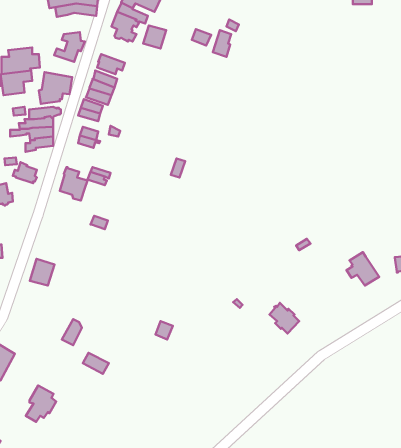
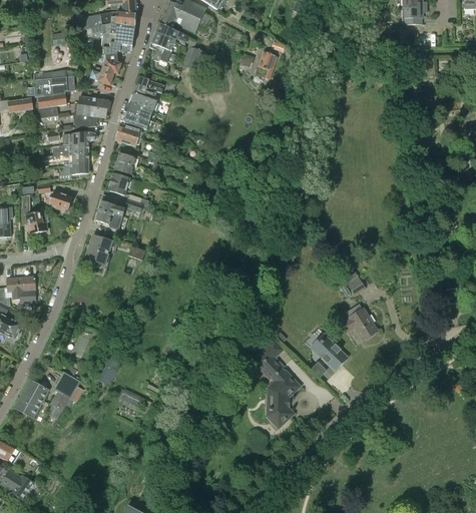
building: none -> [93,33,133,56]
building: none -> [107,173,143,195]
building: [347,252,379,286] -> [343,304,377,339]
building: [30,259,55,285] -> [85,235,111,264]
building: none -> [253,348,300,427]
building: [26,385,56,422] -> [50,372,82,410]

